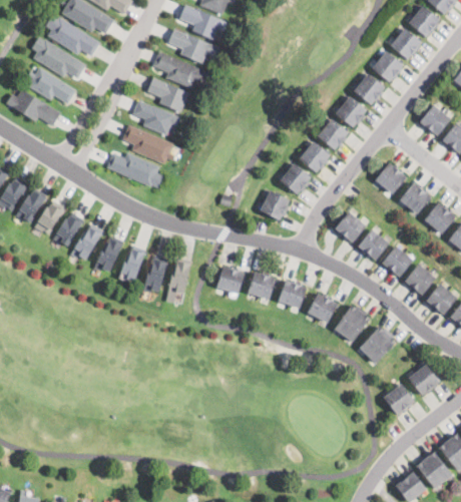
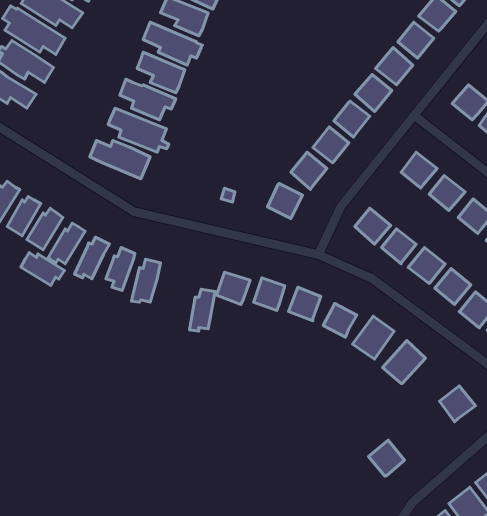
building: none -> [21,253,64,285]
building: [167,259,189,295] -> [190,289,215,331]
building: [383,384,414,415] -> [369,440,405,476]

